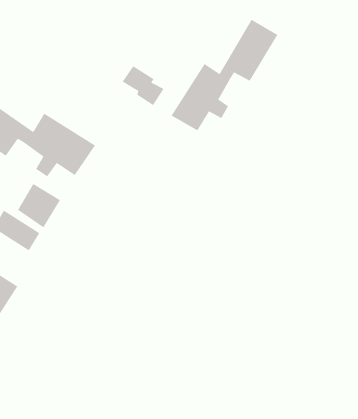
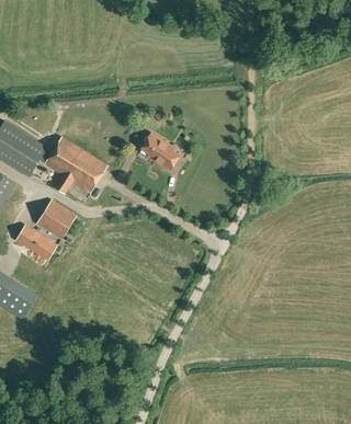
building: [171,19,278,131] -> none
building: [122,66,164,106] -> [141,134,180,170]

